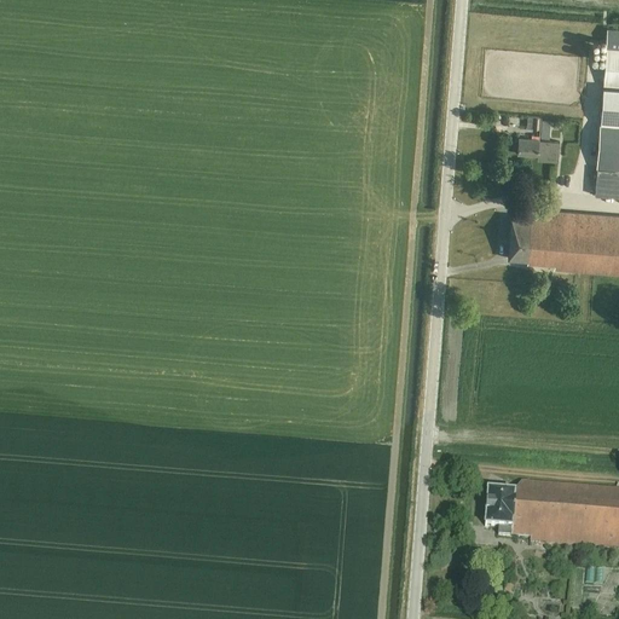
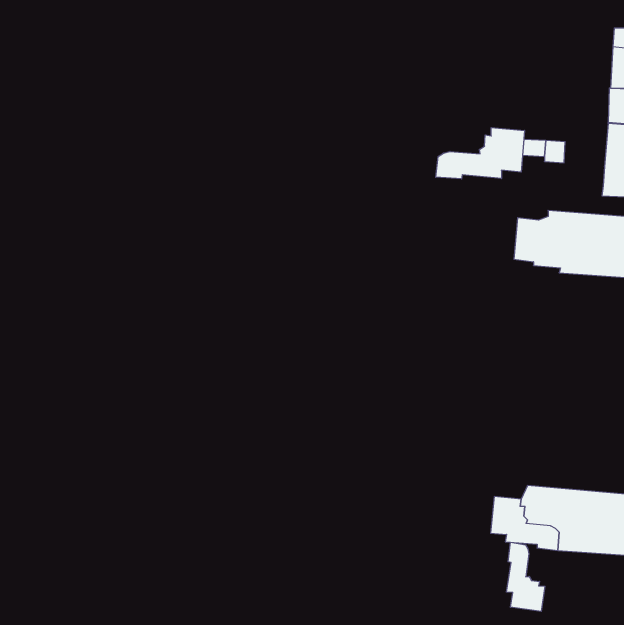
building: none -> [436,128,524,179]
building: none -> [507,542,545,611]

